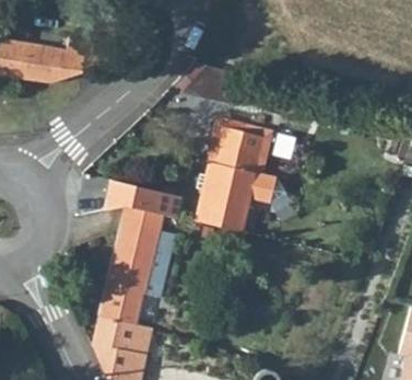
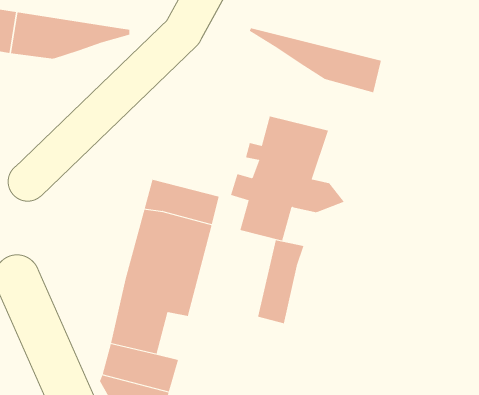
building: none -> [249,27,381,93]
building: none -> [257,240,304,324]

